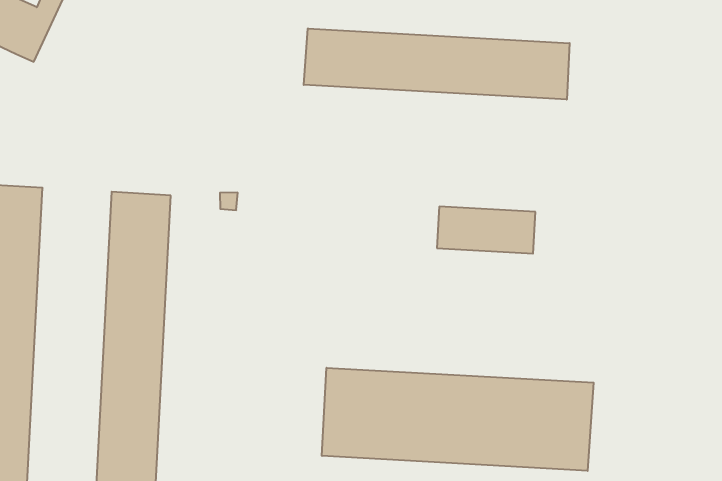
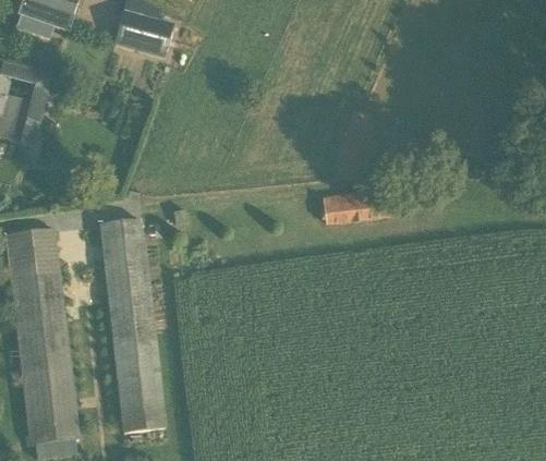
building: [304,28,570,100] -> none
building: [322,368,594,471] -> none

